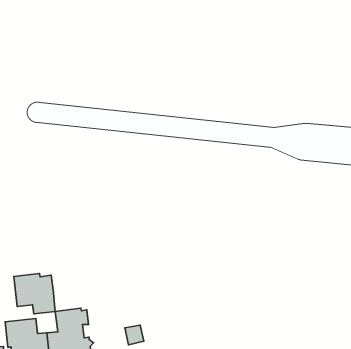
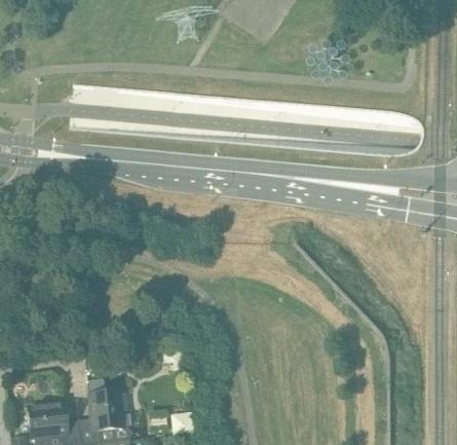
building: [14,274,55,314] -> none

